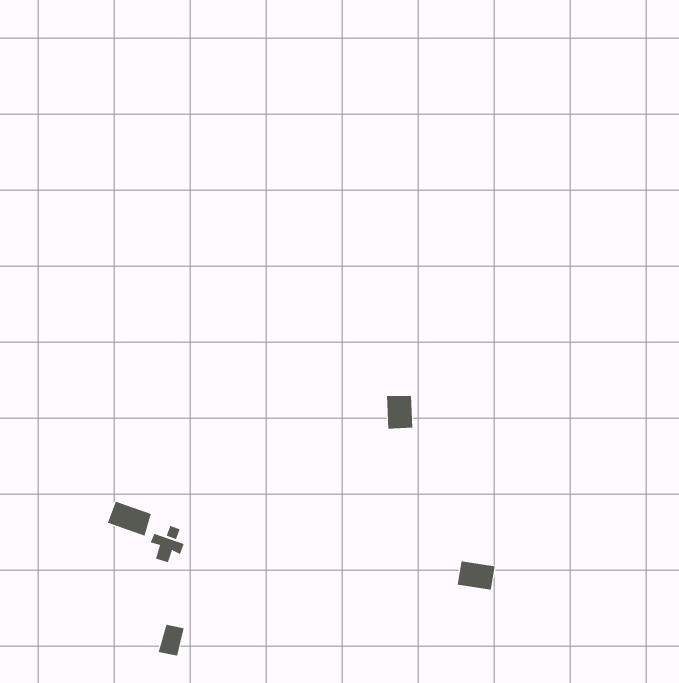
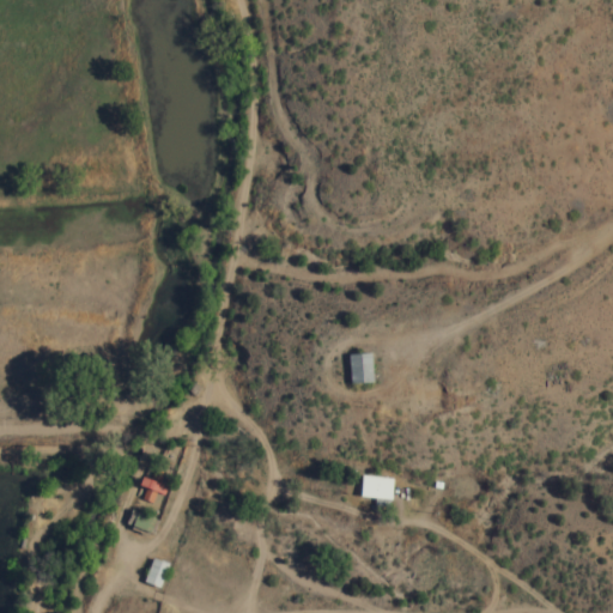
building: [107,501,152,536] -> none
building: [457,561,495,590] -> [360,475,395,502]

